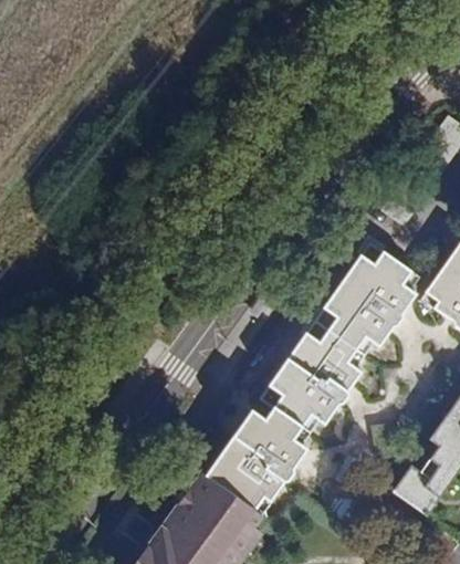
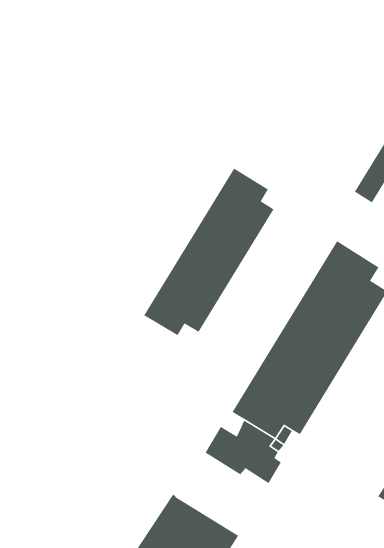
building: none -> [143,168,274,336]
building: [205,436,292,510] -> none

